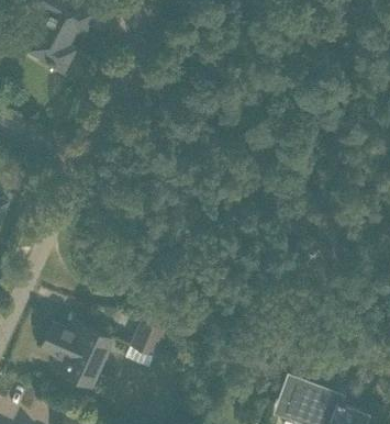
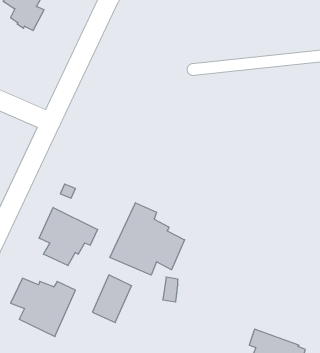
building: none -> [110,203,185,275]
building: none -> [39,207,98,266]

